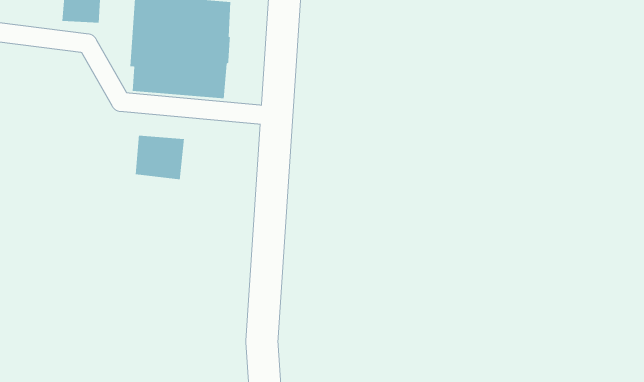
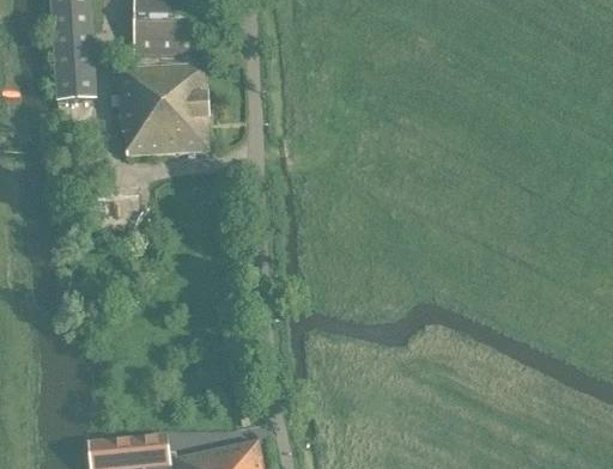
building: [135,135,184,180] -> none

